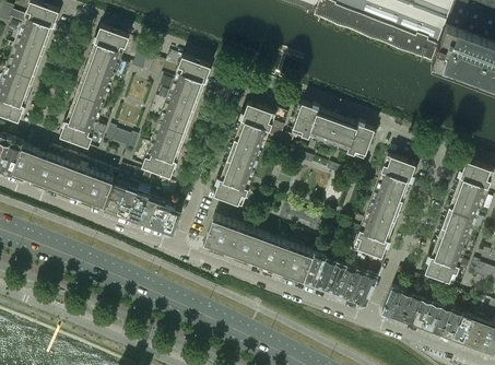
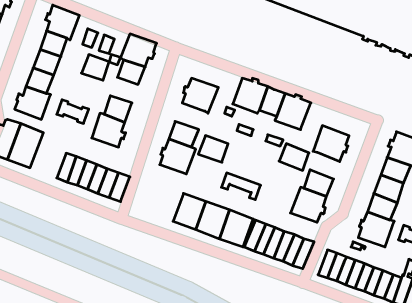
building: [162,102,191,129] -> [81,55,109,80]
building: [231,129,262,157] -> [198,136,228,162]
building: [76,161,116,208] -> none
building: [374,181,405,210] -> [279,144,309,170]
building: [203,215,239,255] -> none

